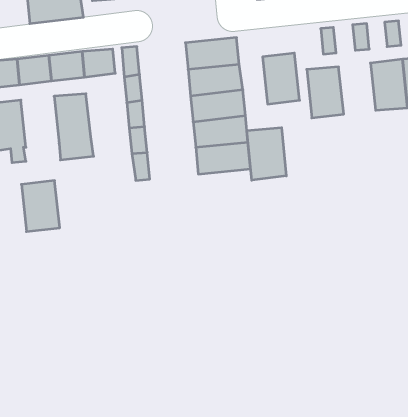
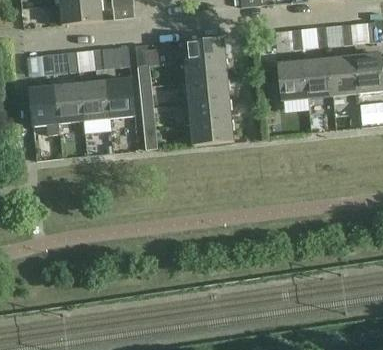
building: [263,53,300,104] -> [304,56,333,96]
building: none -> [106,77,136,116]
building: [247,128,286,180] -> none
building: [21,181,60,232] -> [55,82,85,122]

